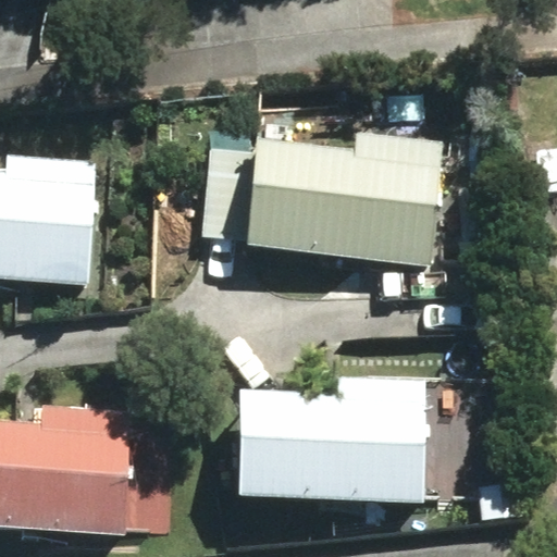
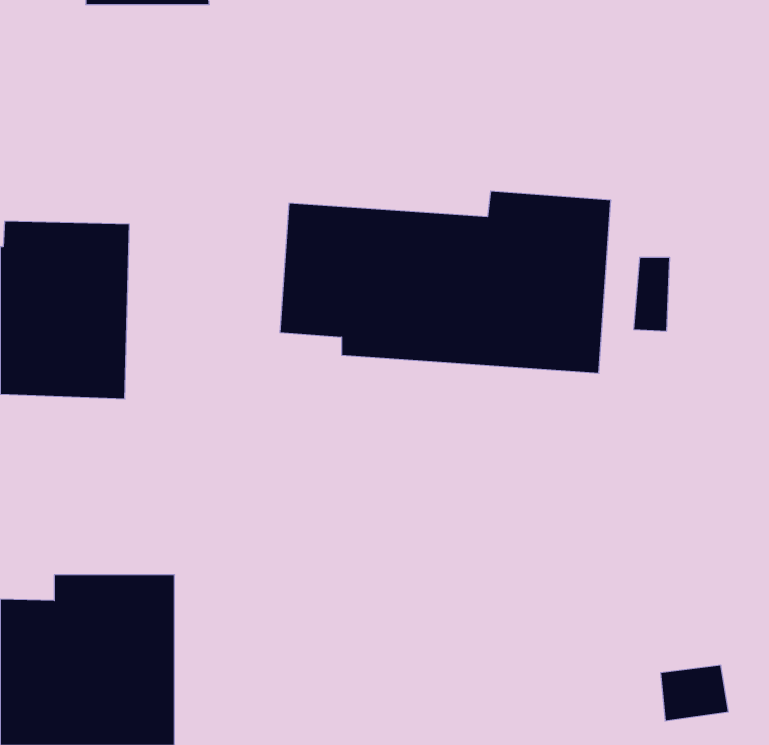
building: [238,384,426,511] -> none

